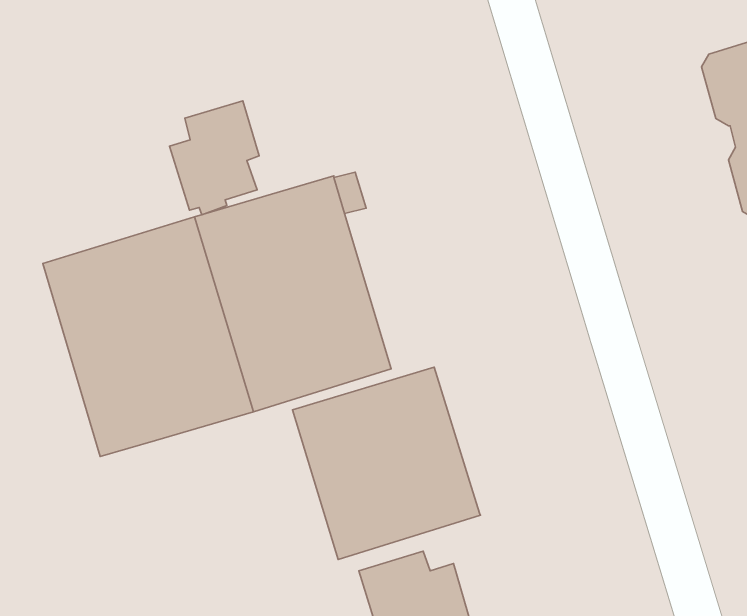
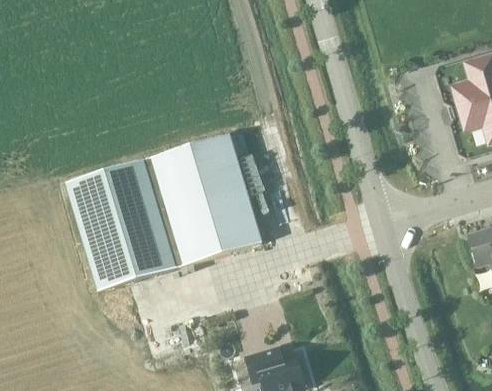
building: [169,101,259,215] -> none
building: [293,367,481,560] -> none

